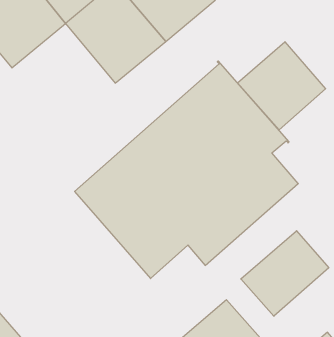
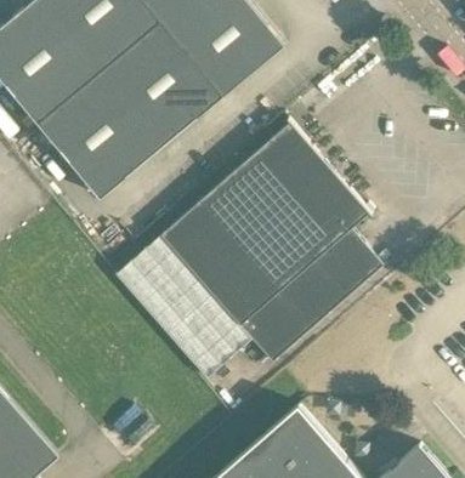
building: none -> [39,73,163,198]
building: [238,42,326,130] -> none
building: [241,231,329,316] -> none

